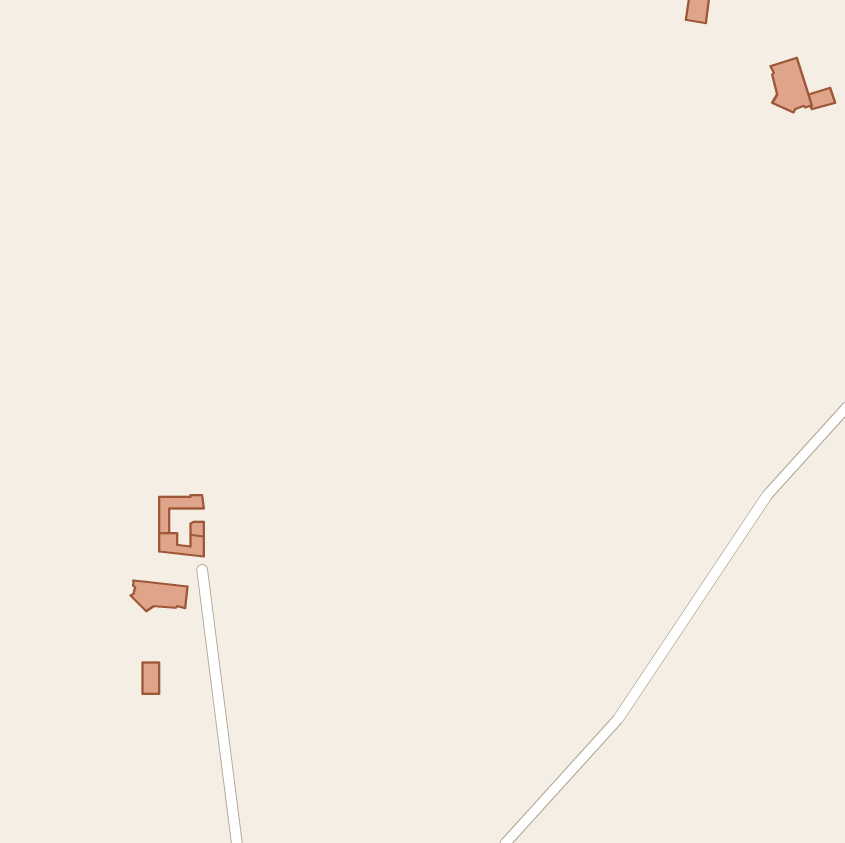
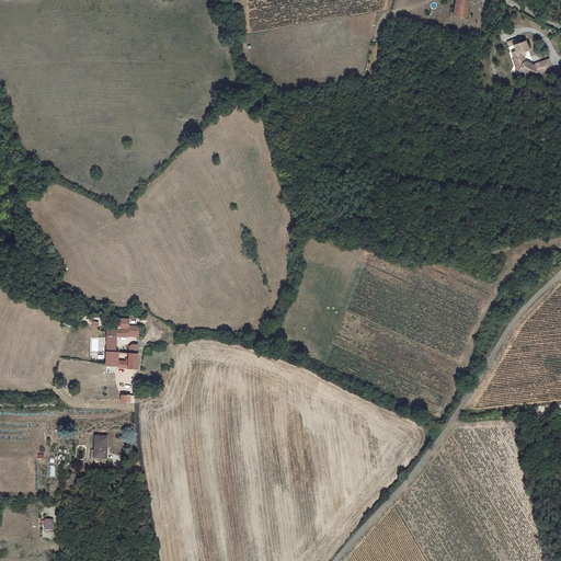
building: [131,581,187,611] -> none

